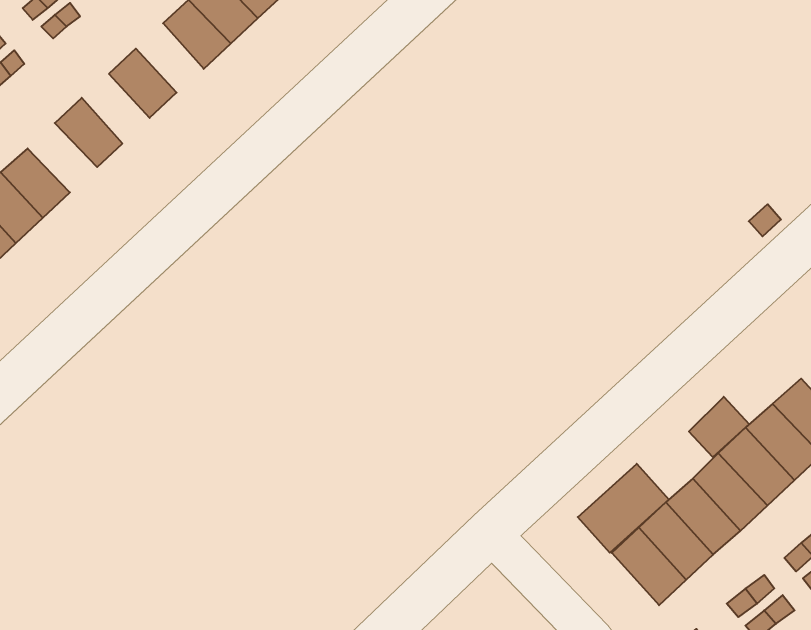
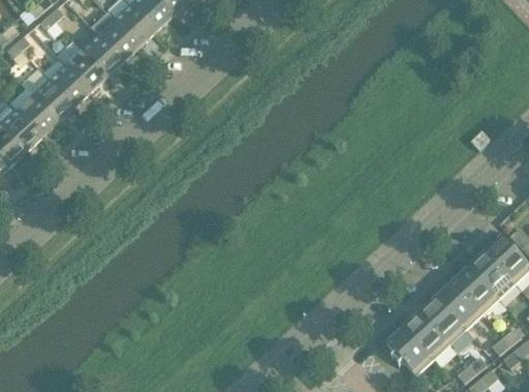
building: none -> [88,12,136,62]
building: none -> [62,51,103,93]
building: none -> [29,81,71,123]
building: [689,397,749,457] -> none
building: [578,464,669,553] -> none

